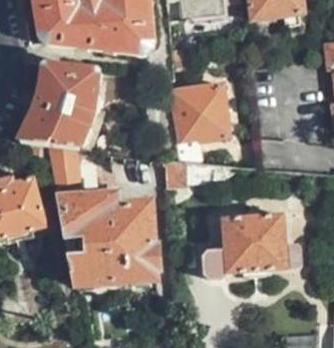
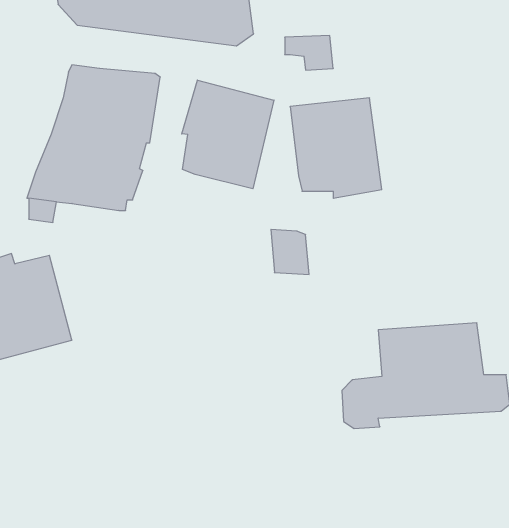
building: none -> [182,80,274,189]
building: [47,145,77,193] -> none
building: [57,193,154,283] -> none

